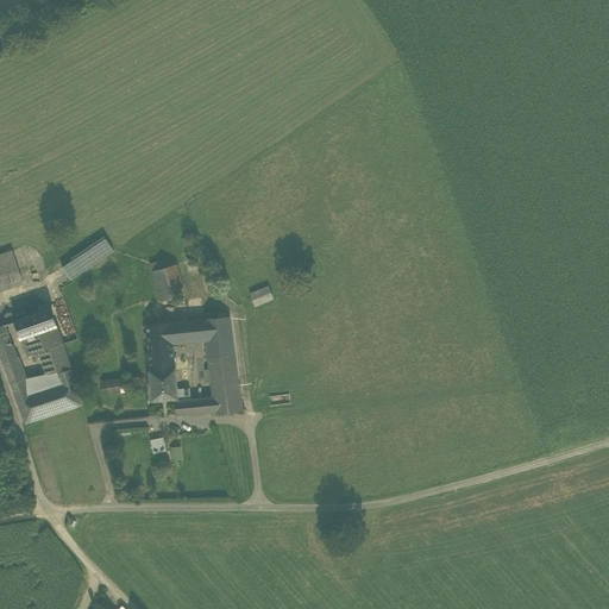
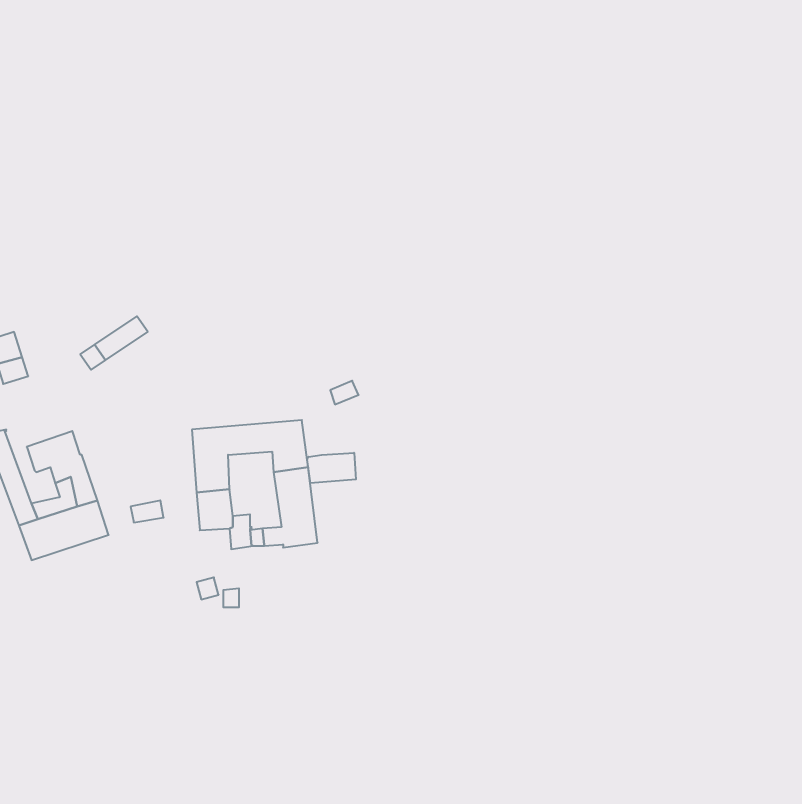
building: [149,260,183,302] -> none
building: [12,303,55,338] -> none
building: none -> [307,453,356,483]

